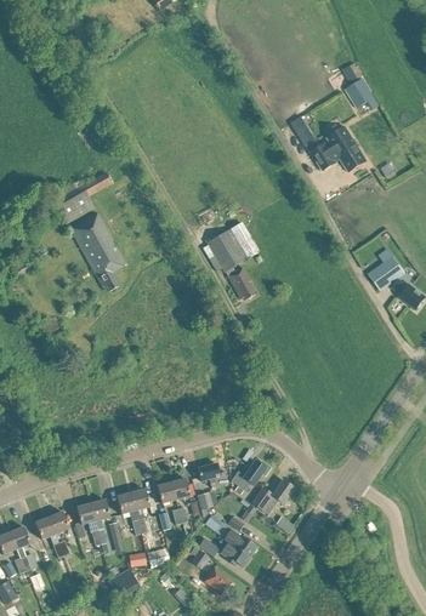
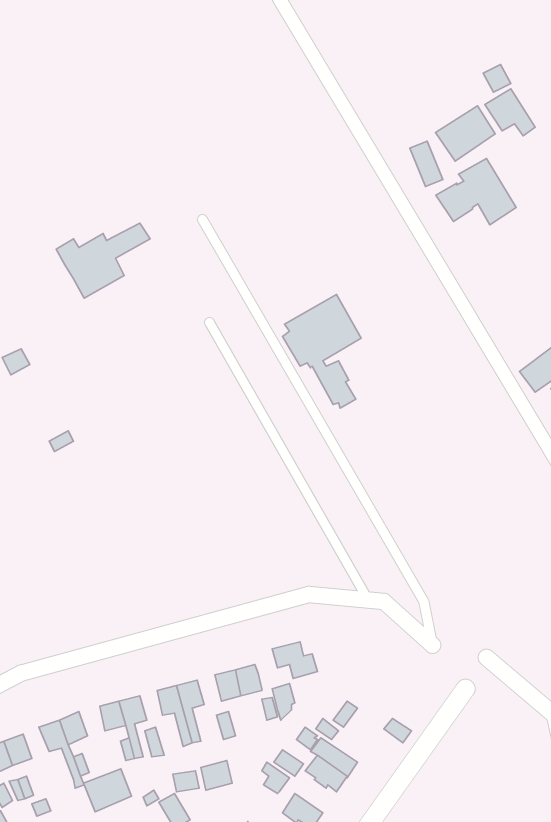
building: none -> [435,106,495,161]
building: [69,212,125,291] -> none
building: [231,460,269,490] -> none
building: [251,479,294,513] -> none
building: none -> [83,769,131,812]

